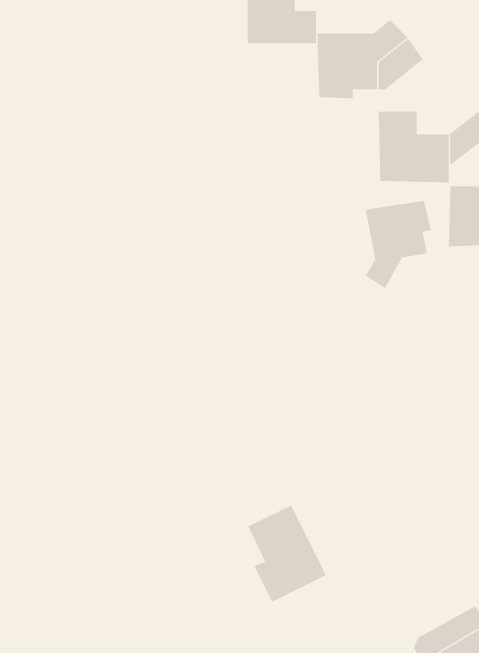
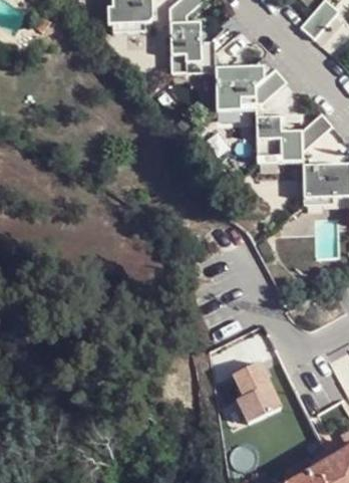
building: [365,200,432,289] -> none
building: [247,505,327,603] -> [231,360,283,425]

